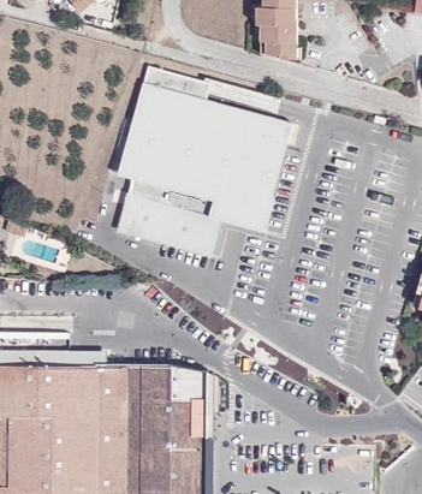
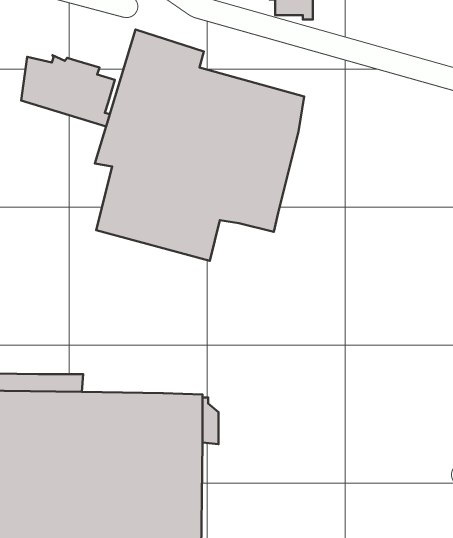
building: none -> [21,55,115,126]

